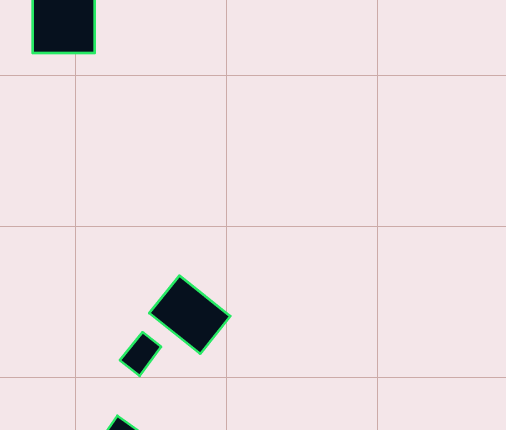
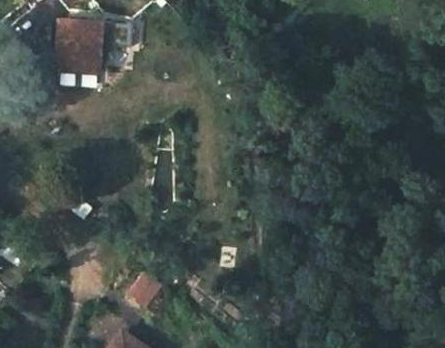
building: [149,276,230,354] -> none

